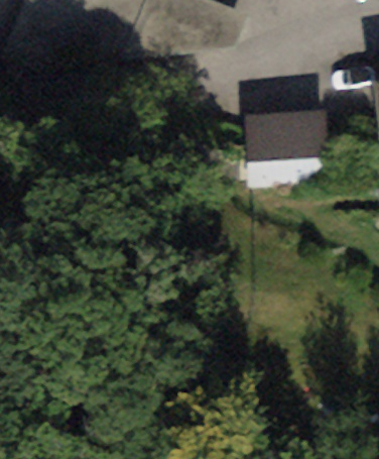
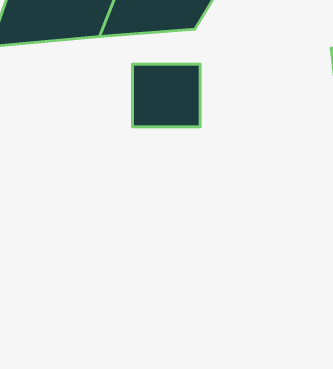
building: [252,116,327,185] -> [132,64,200,127]

